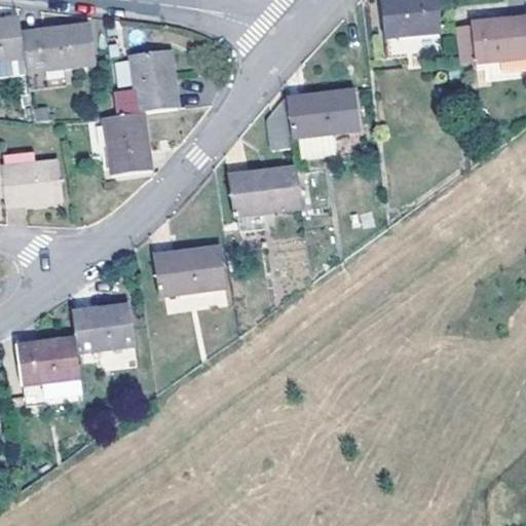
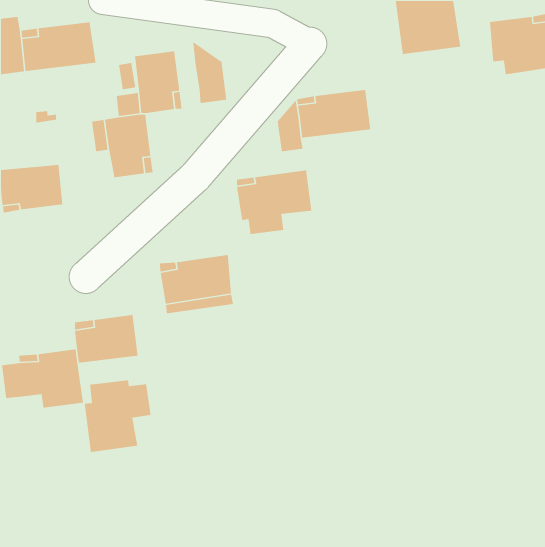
building: none -> [192,41,227,104]
building: none -> [84,379,152,453]

